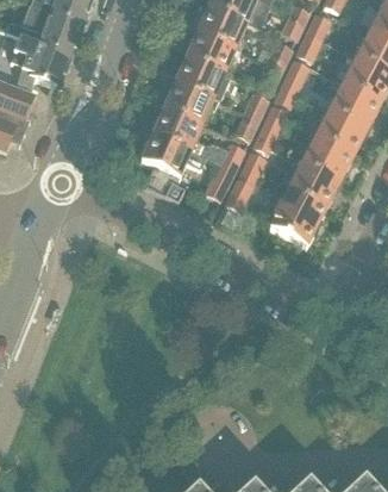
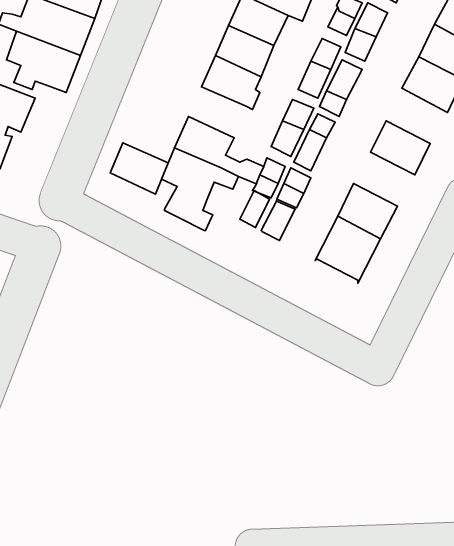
building: [164,79,213,122] -> [110,143,168,194]
building: [330,80,381,126] -> none
building: [302,133,353,179] -> none

